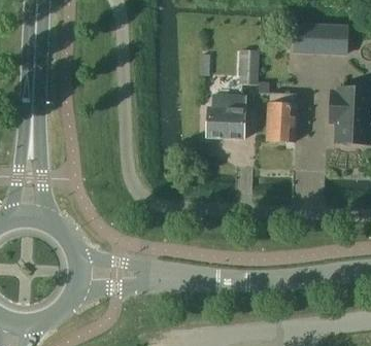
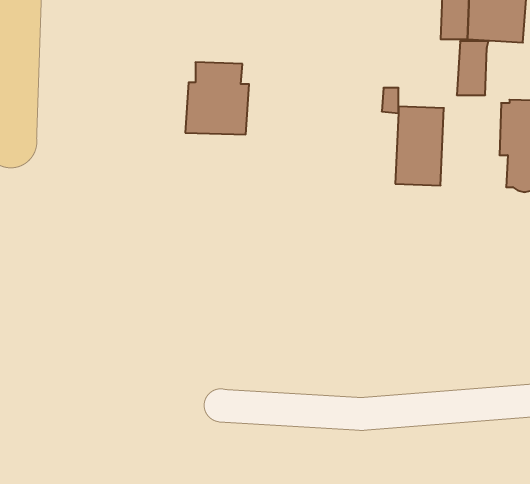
building: [239,50,259,83] -> [457,41,489,95]
building: [206,95,245,139] -> [185,62,249,134]

